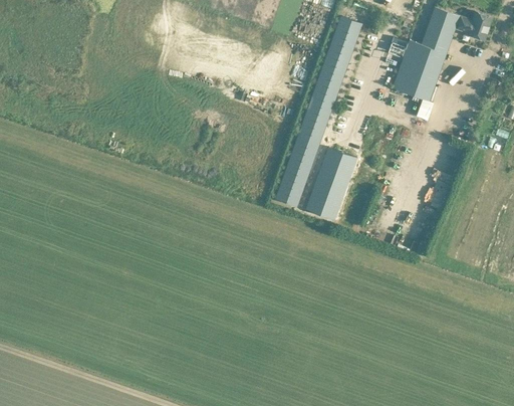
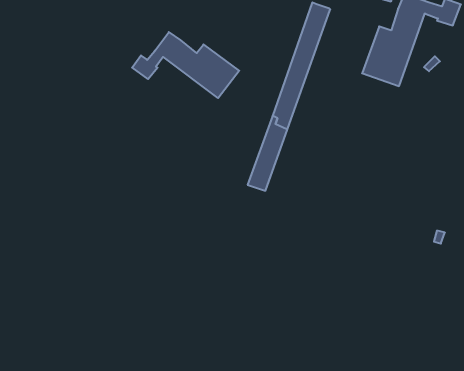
building: none -> [132,32,239,98]
building: [305,149,355,221] -> none

